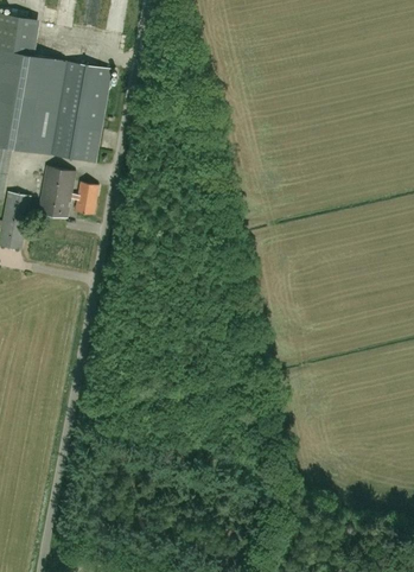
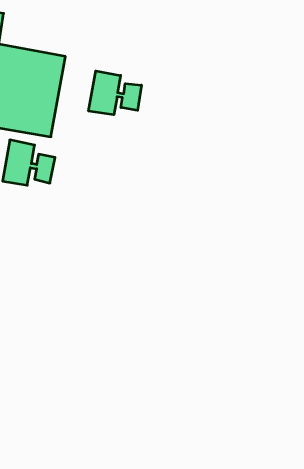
building: none -> [89,71,141,115]

